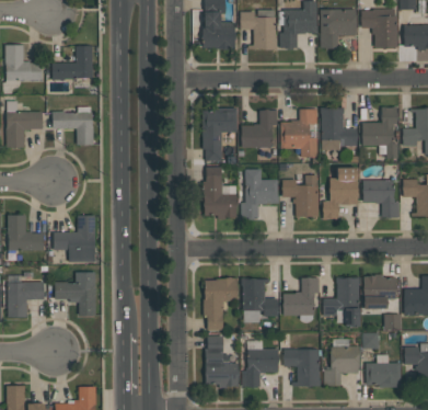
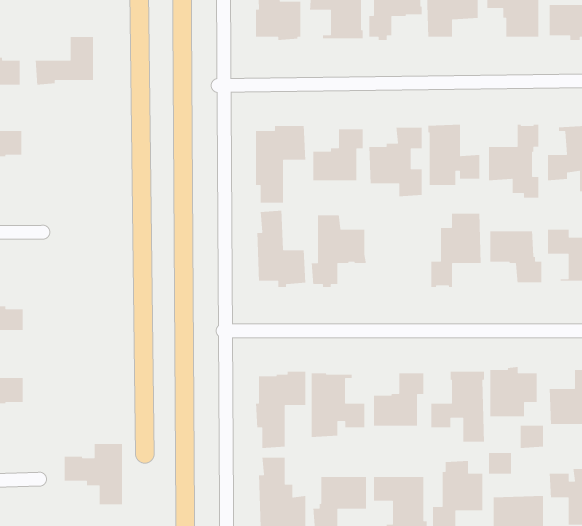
building: [53,96,94,145] -> none
building: [282,175,319,216] -> none
building: [54,215,95,262] -> none
building: [55,272,95,315] -> [64,443,123,505]

